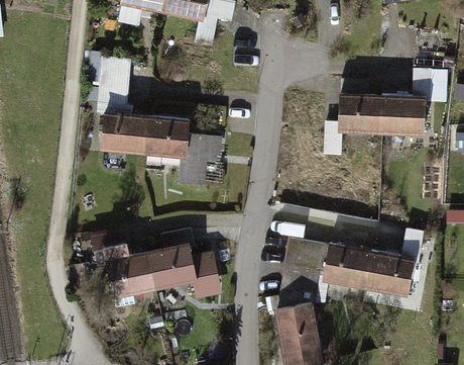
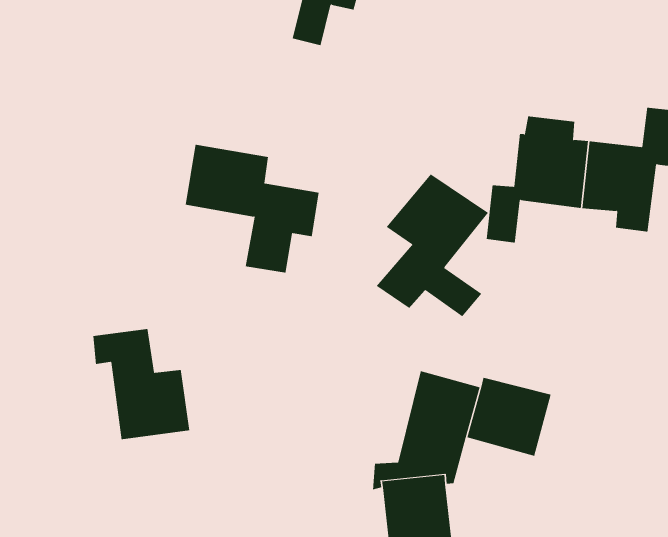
building: [97,58,143,151] -> none
building: none -> [376,174,489,317]
building: [146,229,223,302] -> none
building: [364,230,425,294] -> none

